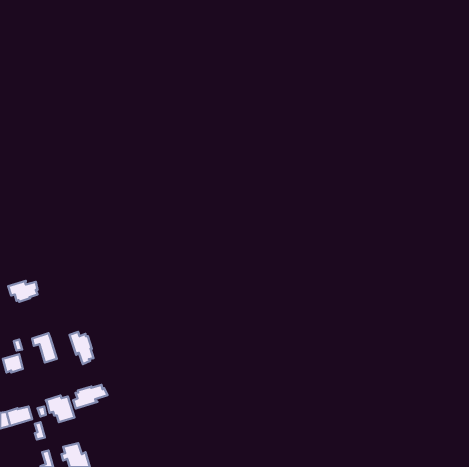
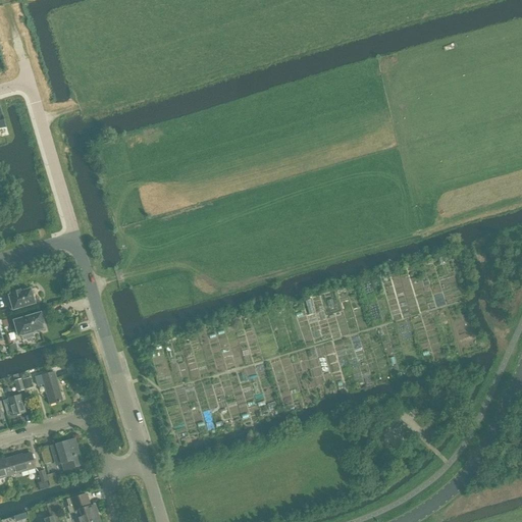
building: none -> [8,288,35,309]
building: [70,332,93,364] -> none
building: [73,385,107,408] -> none

